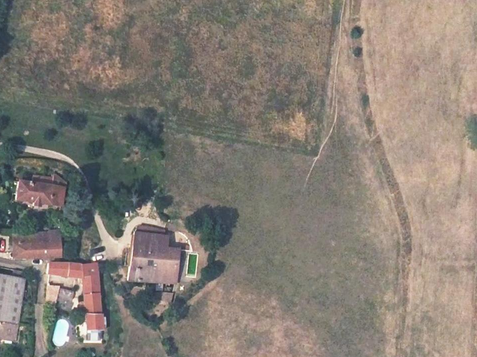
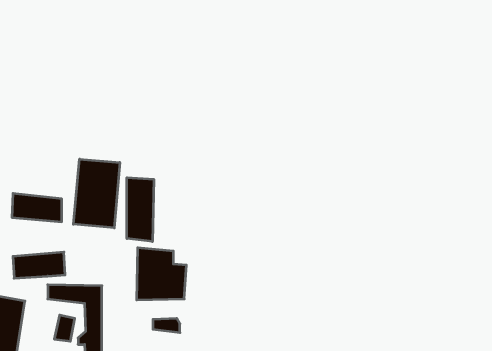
building: none -> [73,159,120,228]
building: none -> [127,178,154,242]

